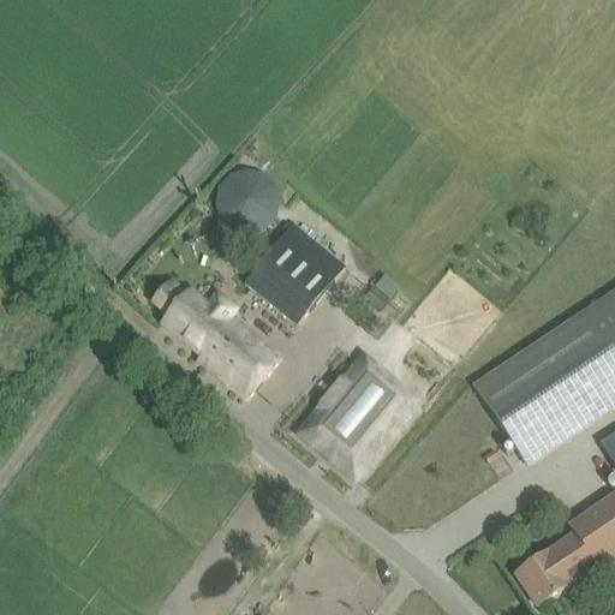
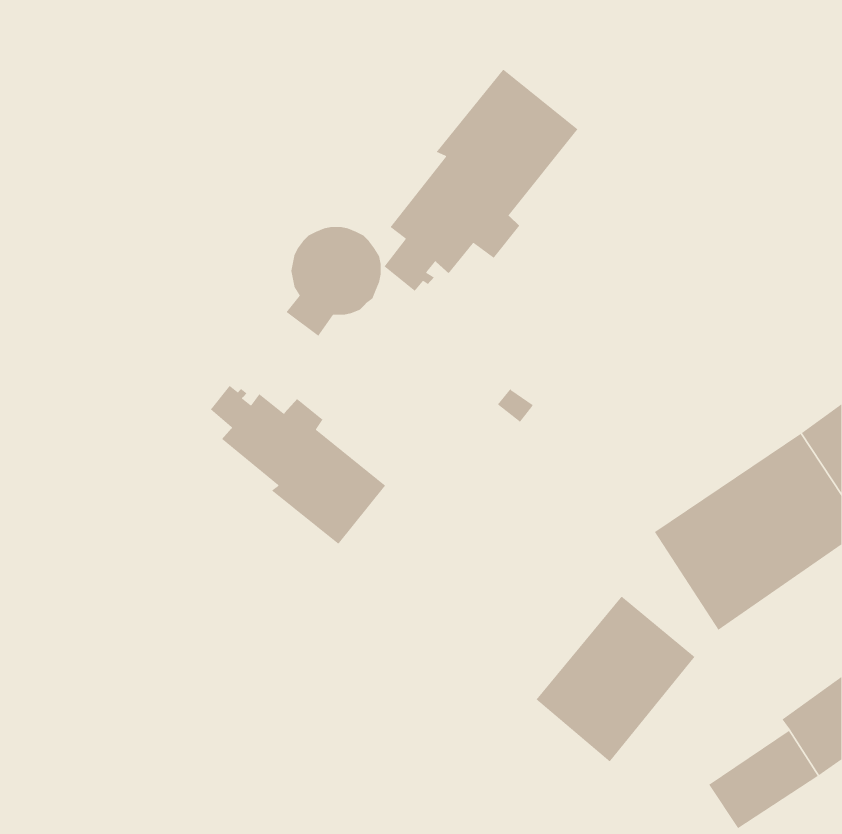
building: none -> [384,68,579,292]
building: [243,220,344,322] -> none
building: [300,354,417,476] -> [536,596,696,762]

